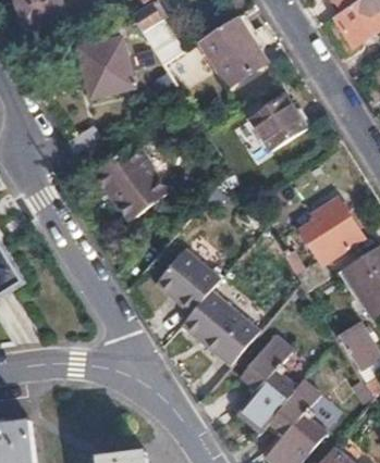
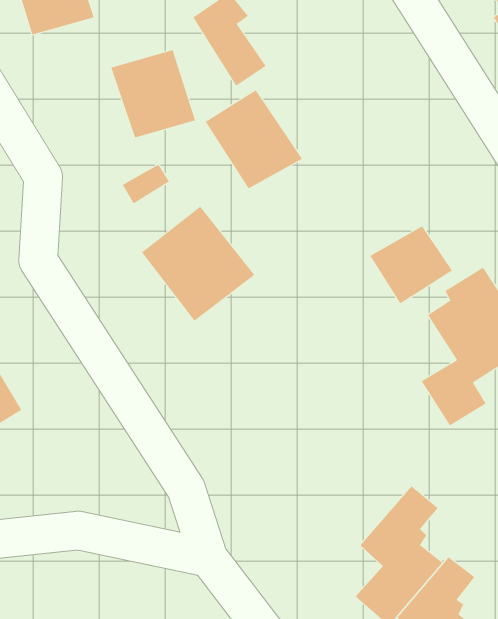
building: [198,16,265,84] -> [205,90,303,189]
building: [248,99,305,152] -> [369,225,453,304]
building: [157,246,266,368] -> none

